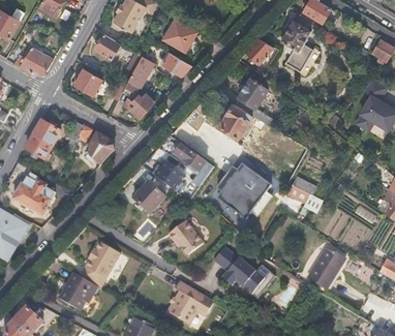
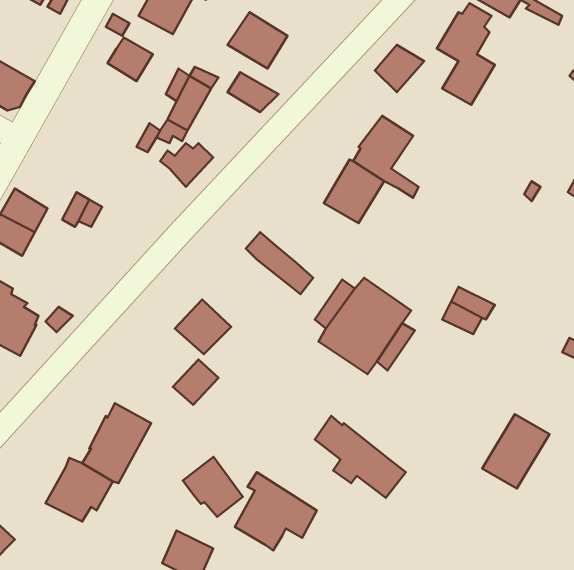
building: [75,67,103,93] -> none
building: [87,132,115,162] -> none
building: [154,158,190,192] -> none
building: [168,221,202,255] -> [183,457,243,517]

